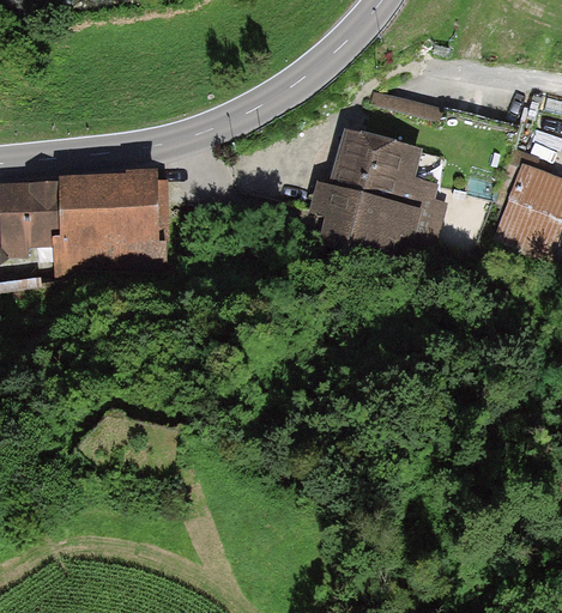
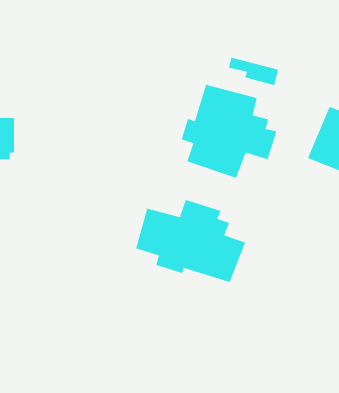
building: [56,174,170,275] -> none
building: none -> [136,199,246,283]

